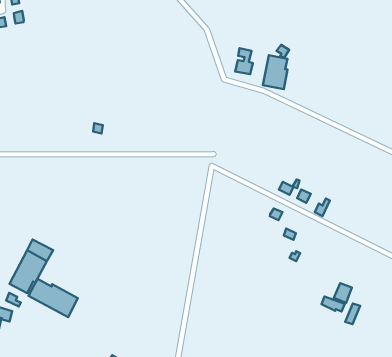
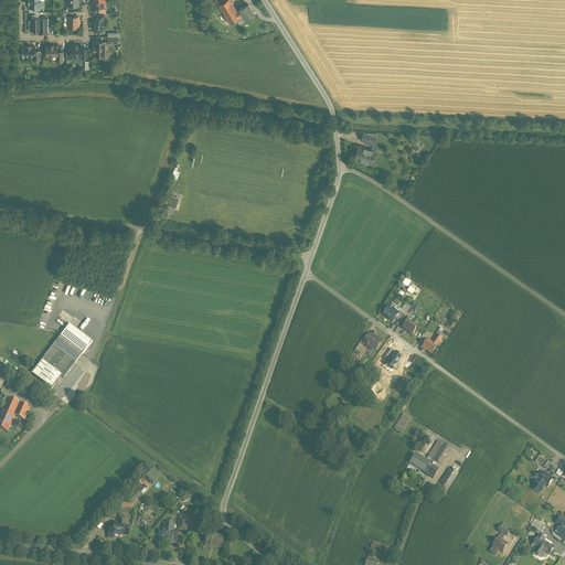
building: [263,55,288,89] -> none
building: [29,279,78,317] -> none

